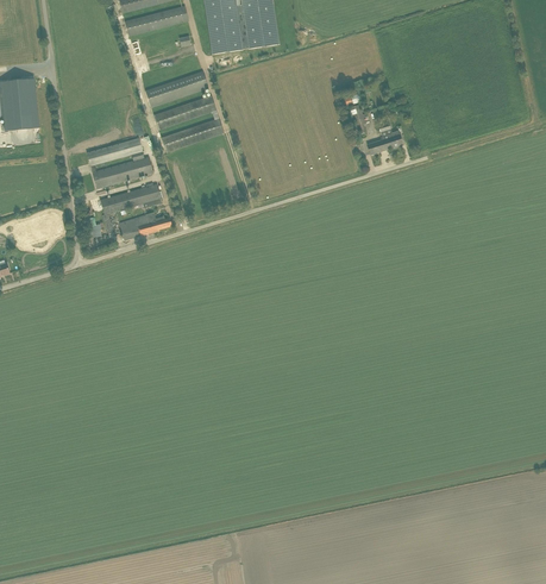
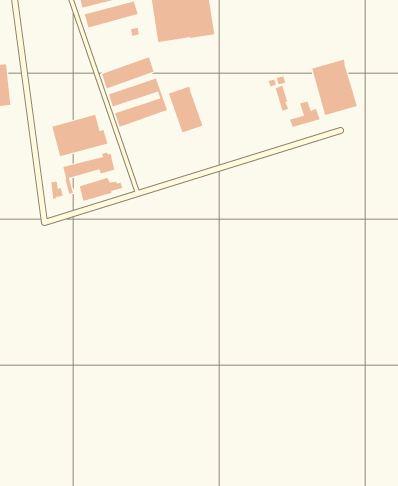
building: none -> [311,59,358,116]
building: none -> [168,86,203,133]

